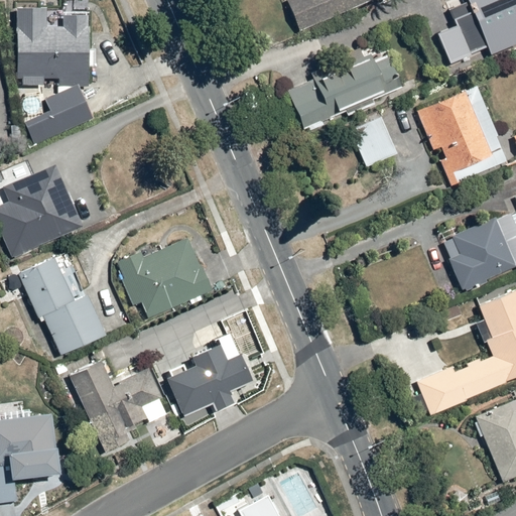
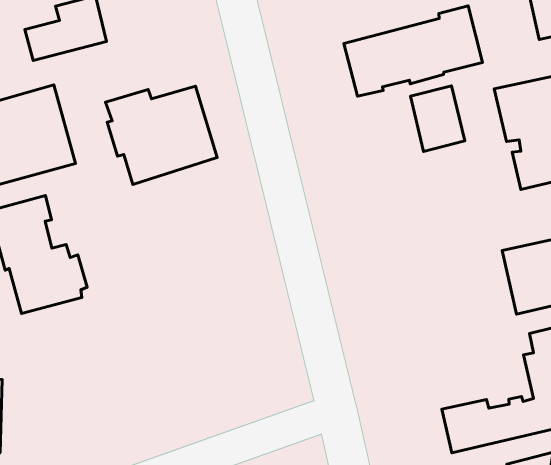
building: [117,237,216,326] -> [105,86,217,184]
building: [168,344,254,415] -> none
building: [67,357,162,453] -> none

